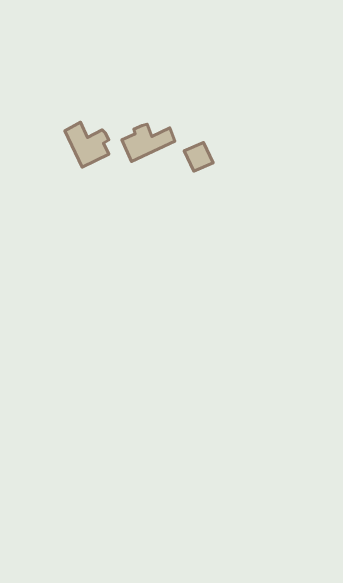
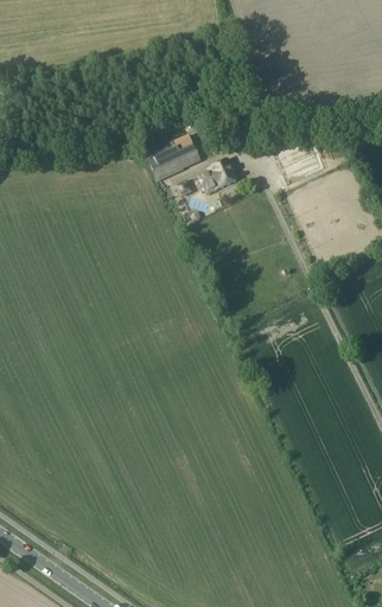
building: [65,122,109,167] -> none

